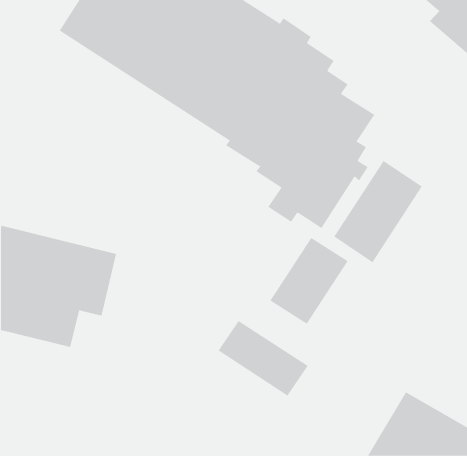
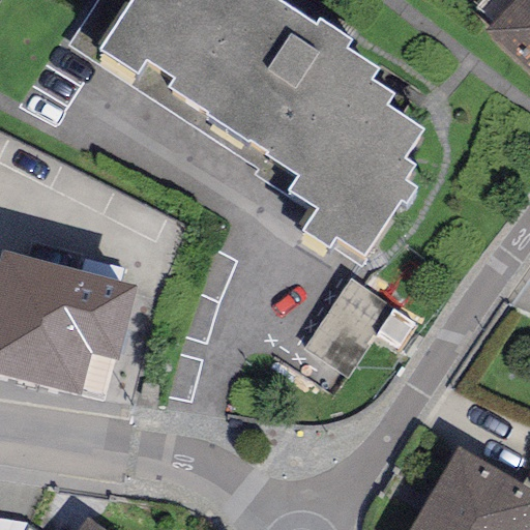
building: [333,160,423,263] -> none
building: [218,320,308,396] -> none

